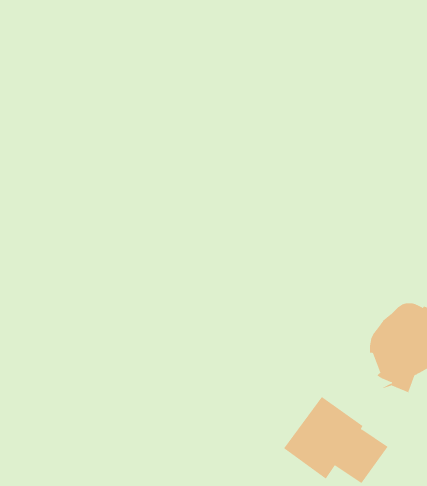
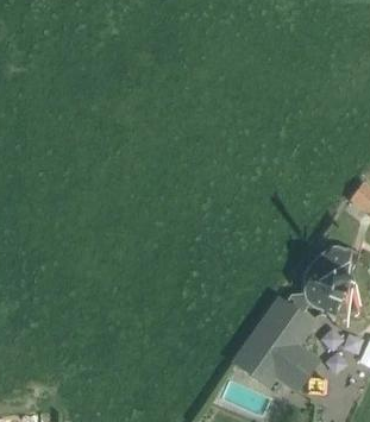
building: none -> [264,286,313,345]

